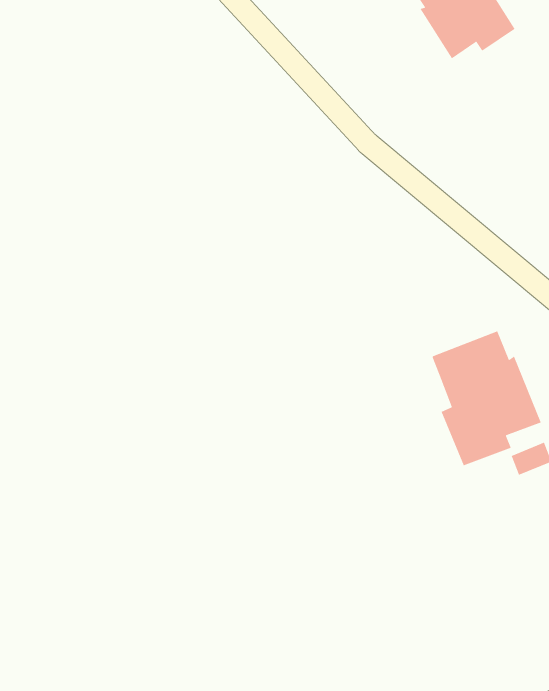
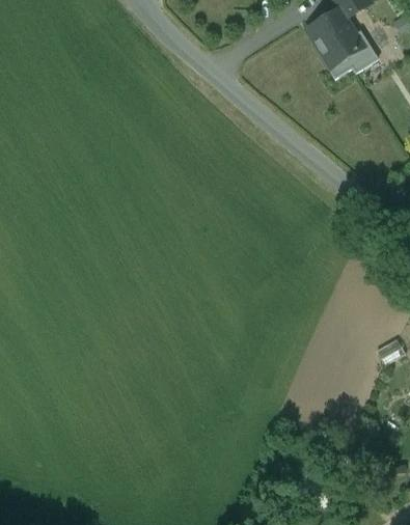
building: [432,330,542,466] -> none

